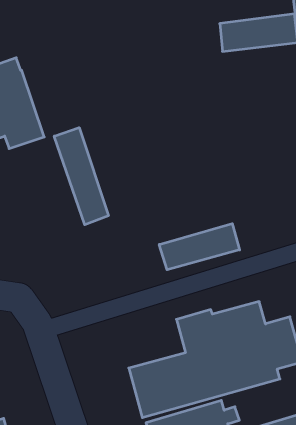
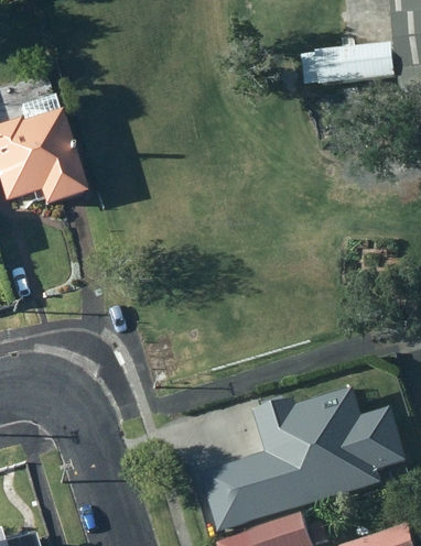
building: [54,128,108,225] -> none
building: [159,224,240,270] -> none

